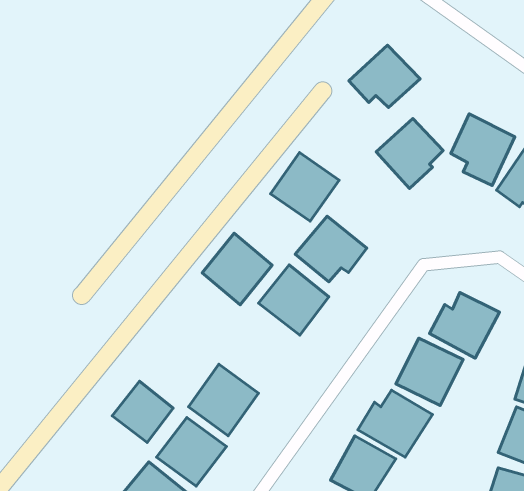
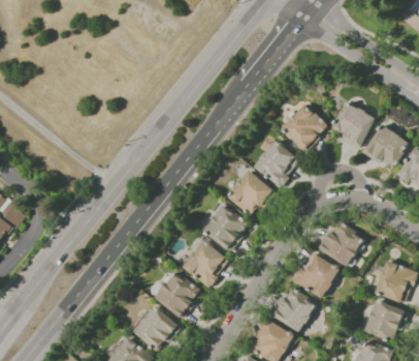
building: [349,45,420,108] -> none
building: [271,153,339,221] -> [253,140,299,186]
building: [202,233,272,305] -> [182,239,229,288]
building: [112,381,173,442] -> none

